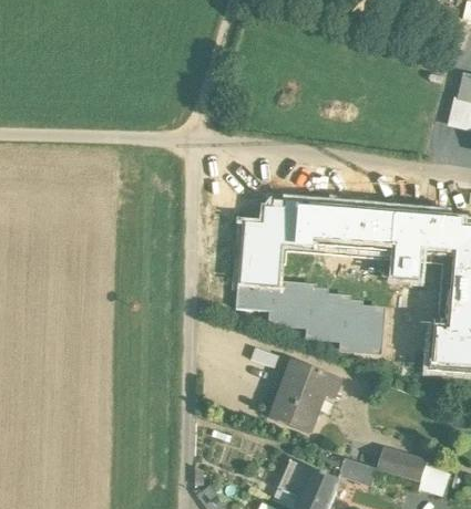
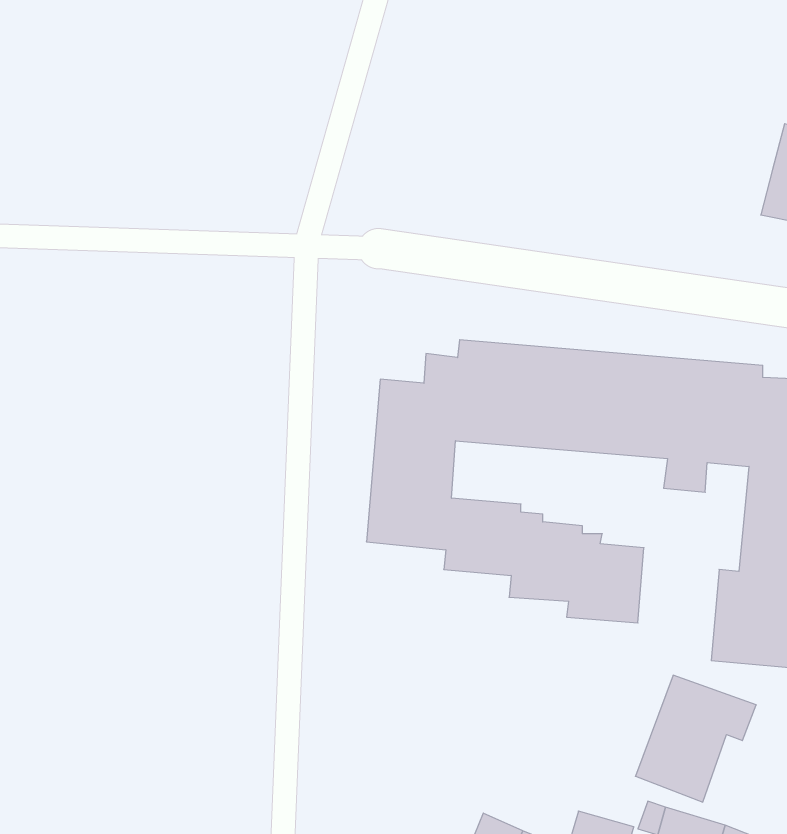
building: [273,363,340,434] -> [635,675,756,802]

